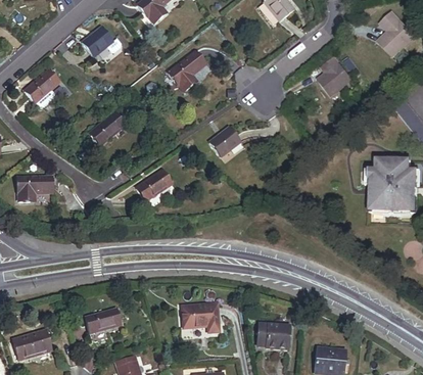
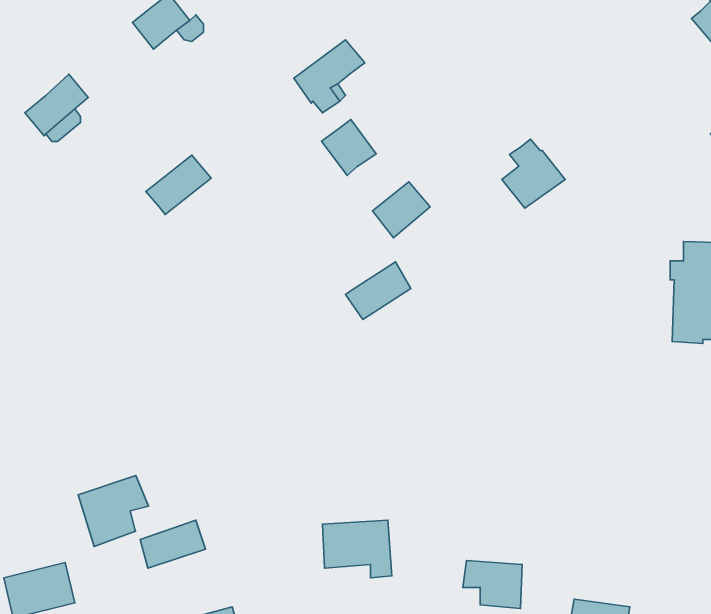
building: [318,57,351,94] -> [502,139,565,208]
building: none -> [322,120,376,175]
building: [136,170,171,200] -> [345,262,411,319]
building: [16,177,52,200] -> none
building: none -> [78,476,148,546]

